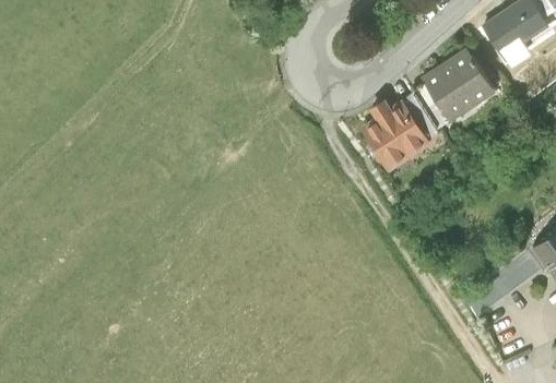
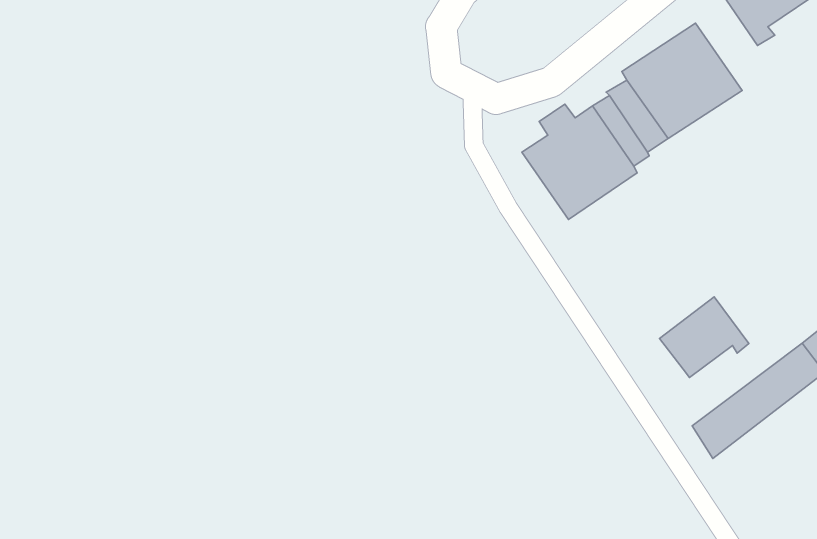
building: none -> [660,297,749,377]

